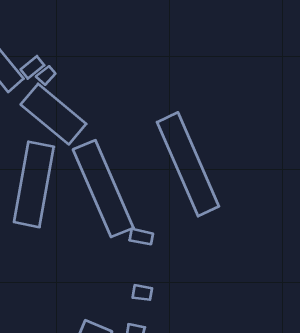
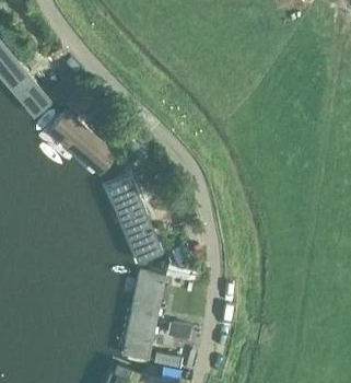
building: [157,112,219,216] -> none
building: [14,142,54,227] -> [121,271,164,362]

